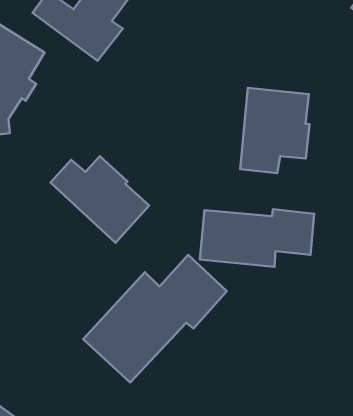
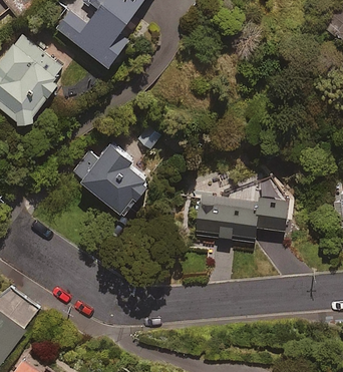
building: [240,88,310,173] -> none
building: [83,255,227,383] -> none

